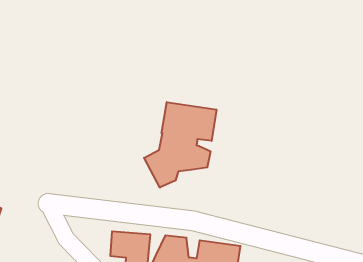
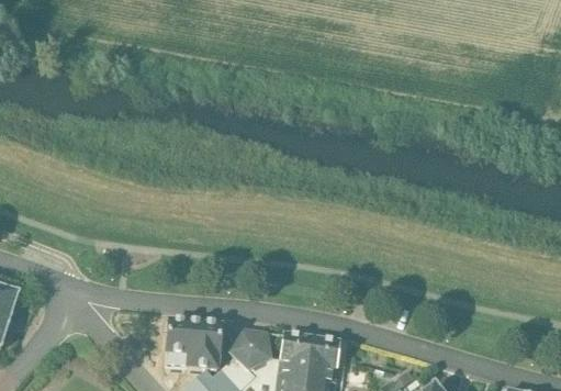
building: [144,102,217,188] -> none

